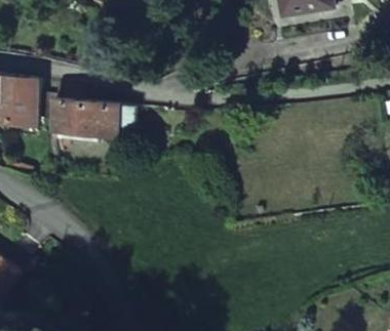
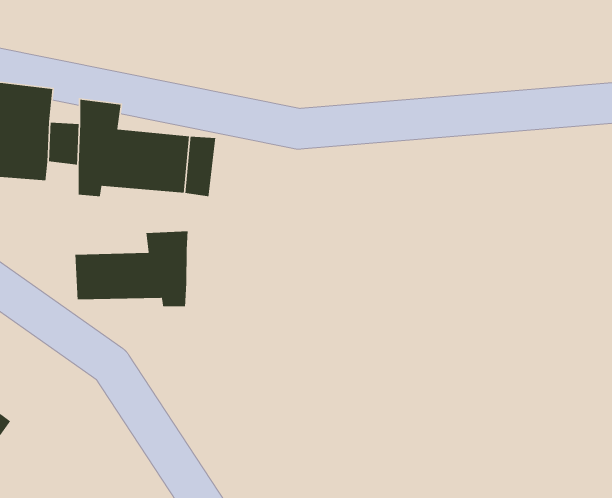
building: none -> [74,230,189,307]

